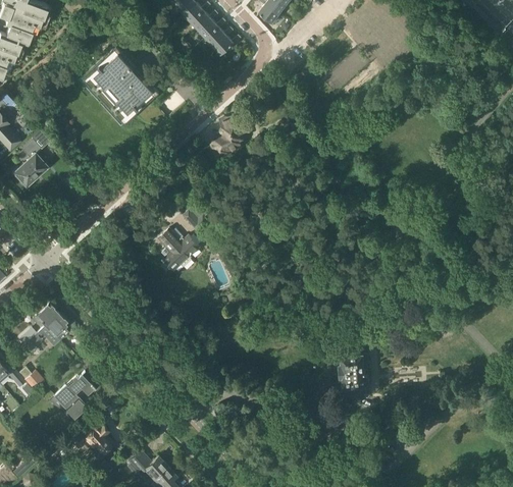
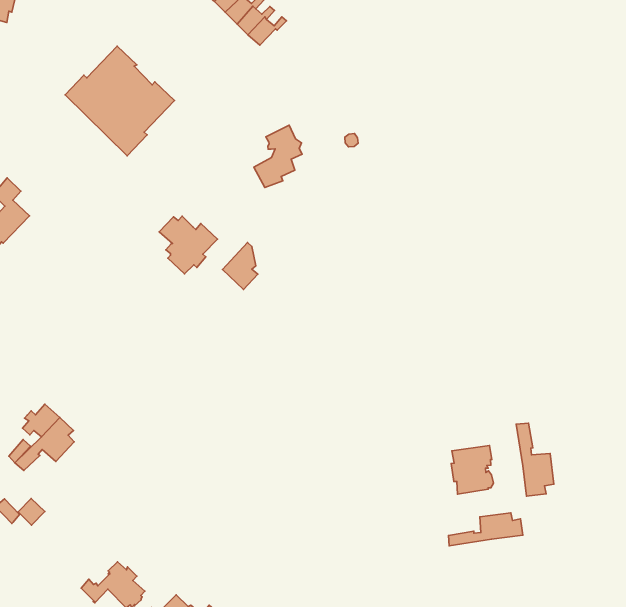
building: [157,229,199,271] -> [159,216,218,274]
building: none -> [516,423,554,496]
building: [53,376,94,418] -> none
building: none -> [448,513,523,546]

